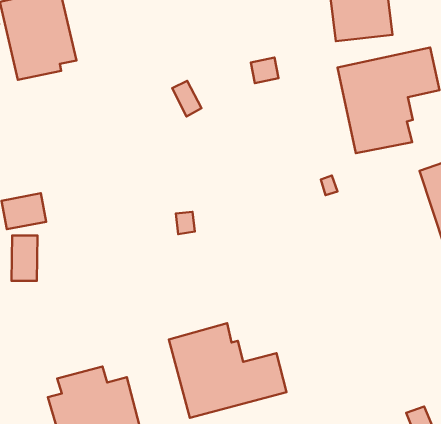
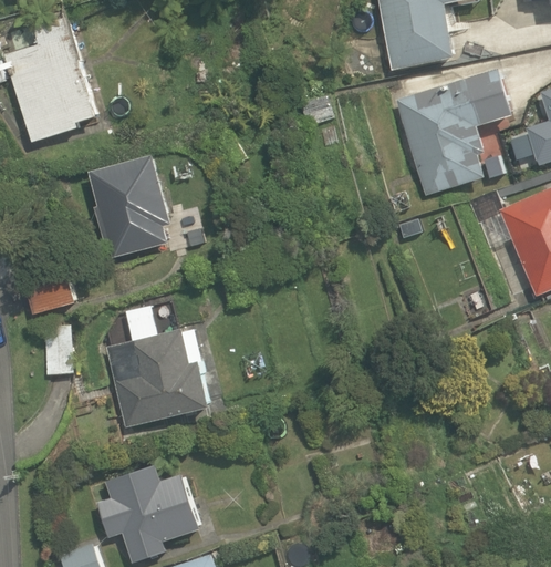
building: none -> [89,154,170,258]
building: none -> [103,305,208,426]
building: [169,323,287,418] -> none

